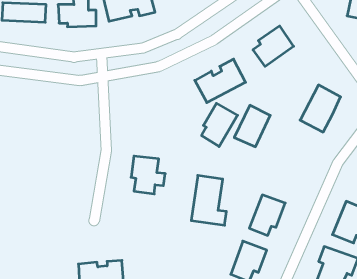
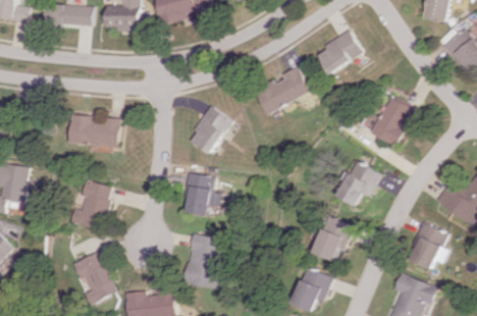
building: none -> [69,114,119,147]
building: [202,103,238,147] -> [192,106,231,154]
building: [234,105,270,147] -> [338,161,378,207]
building: none -> [72,180,112,230]
building: [191,175,226,225] -> [185,233,224,288]
building: none -> [73,252,117,305]

